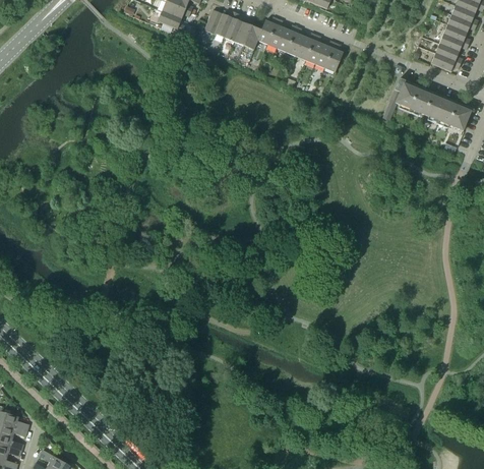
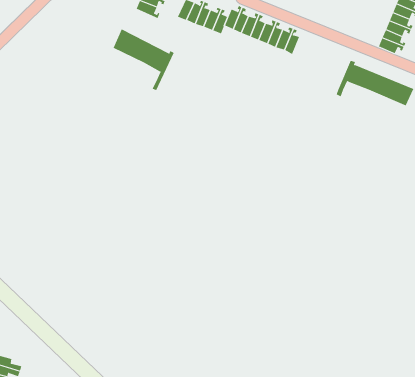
building: none -> [113,28,175,91]

